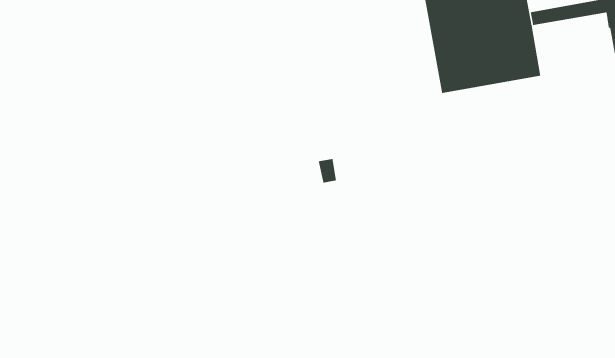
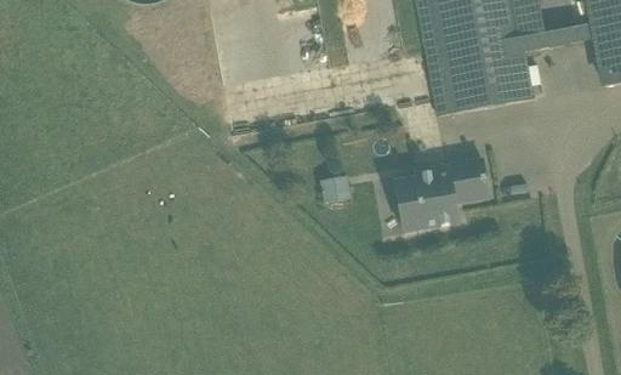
building: none -> [395,158,490,231]

